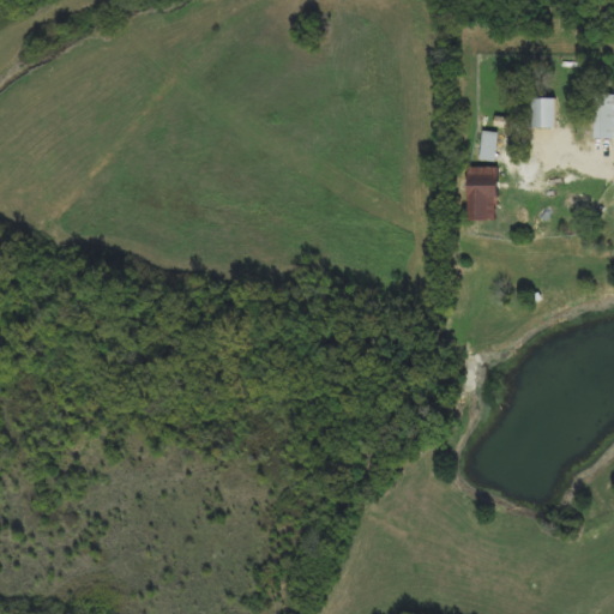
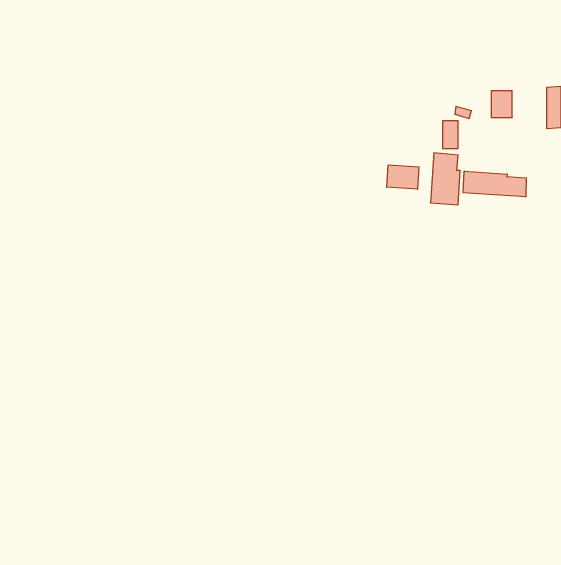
building: none -> [387,165,419,189]
building: none -> [463,171,526,197]

